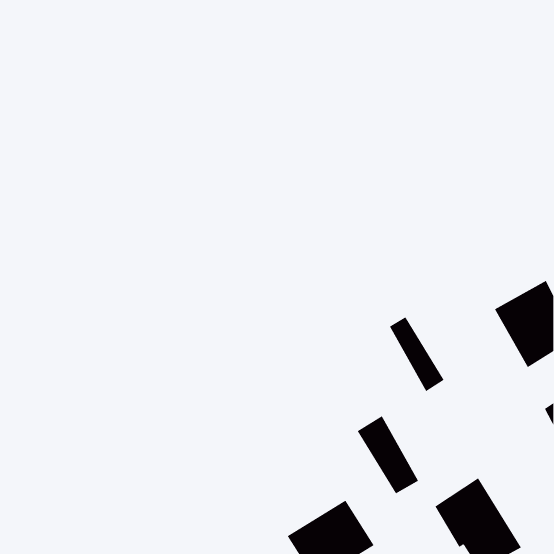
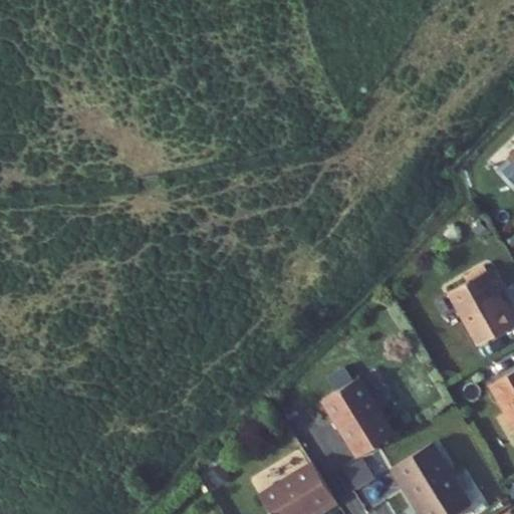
building: [389,317,445,392] -> [346,378,397,447]

